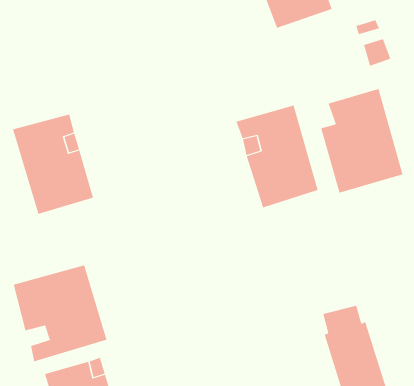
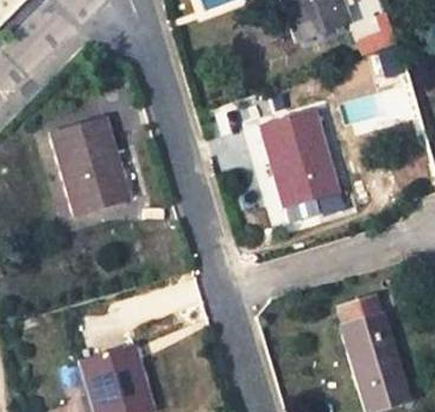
building: [320,88,403,193] -> none
building: [13,264,107,362] -> none

